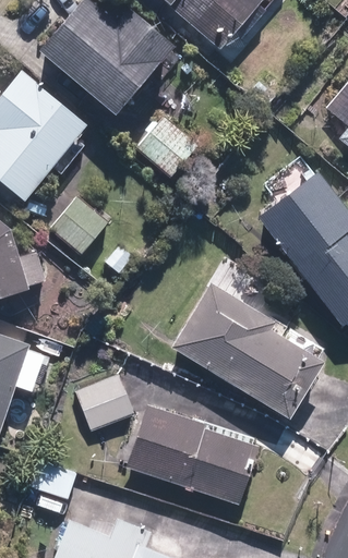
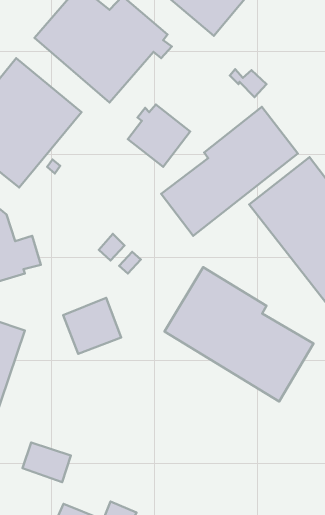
building: none -> [161,107,298,236]
building: [49,196,108,254] -> none
building: [74,374,133,430] -> [63,298,121,354]
building: [125,404,257,504] -> none

